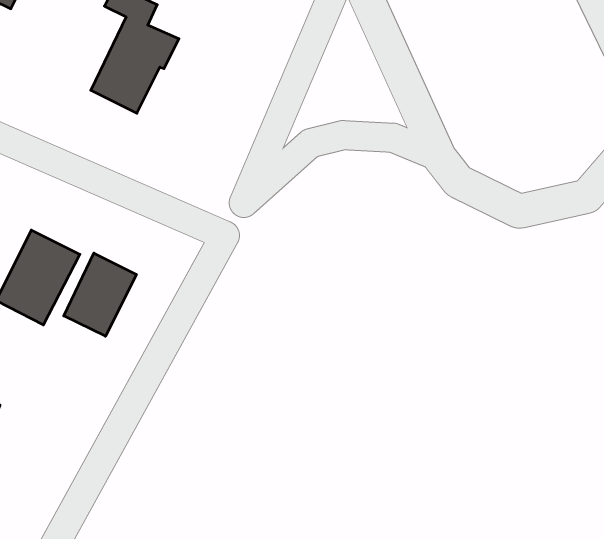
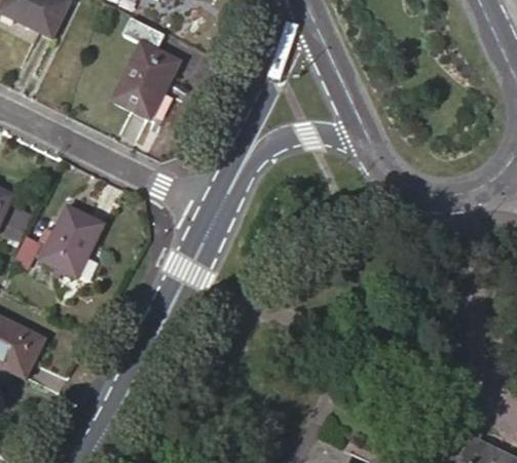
building: [64,253,136,336] -> none

